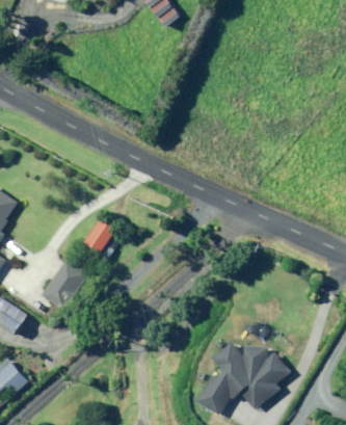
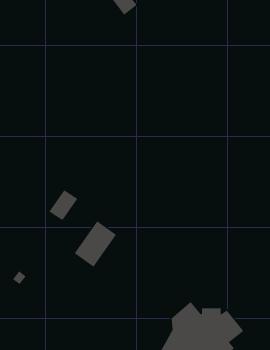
building: [41,259,87,310] -> [74,221,117,267]

